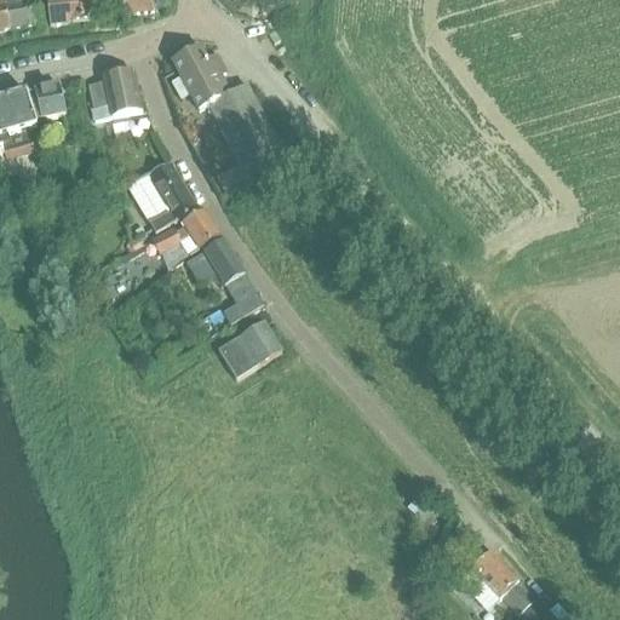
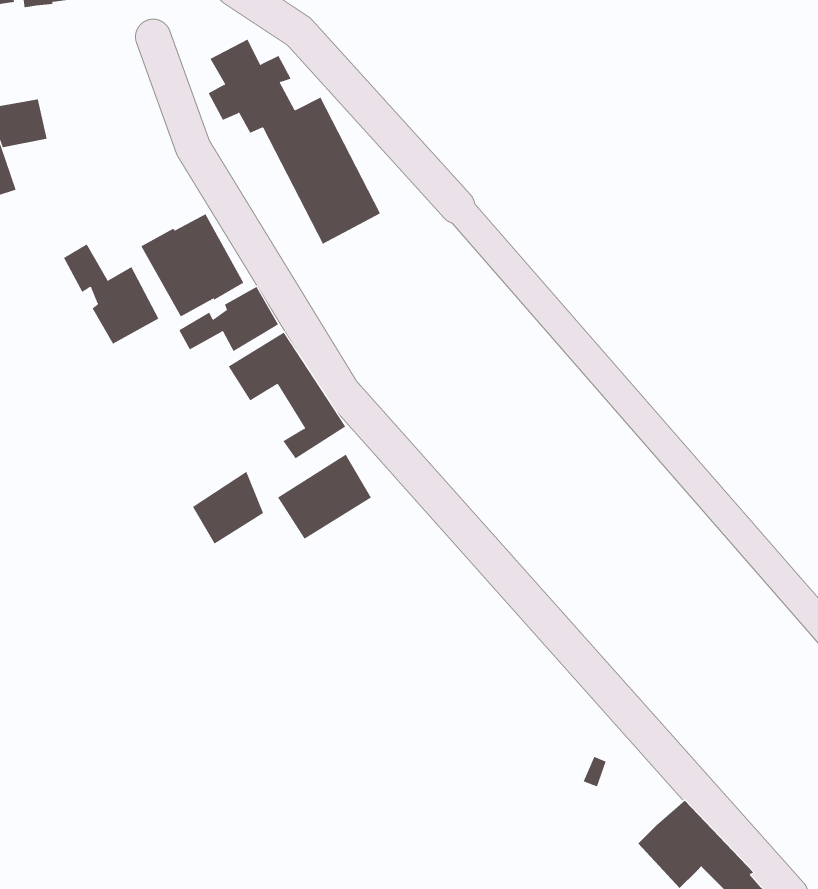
building: [87,67,140,126] -> none
building: none -> [63,244,159,344]
building: none -> [192,471,264,545]

